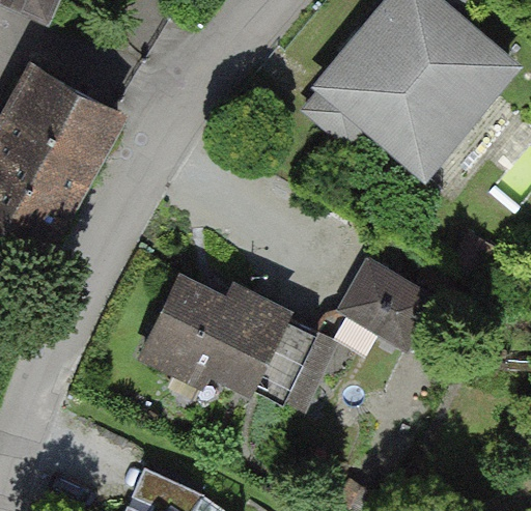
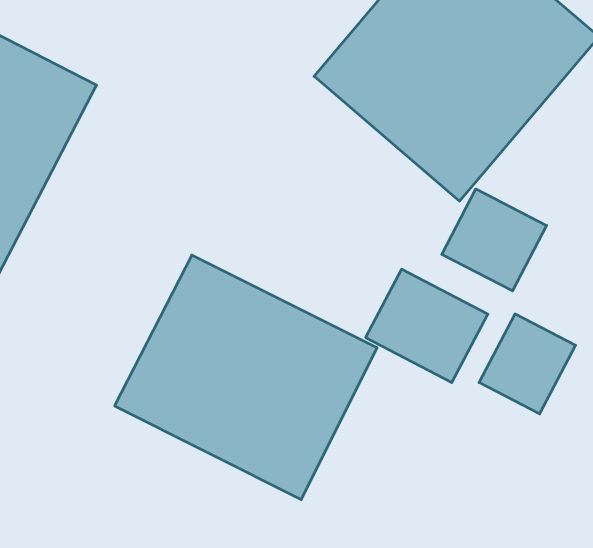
building: none -> [442,189,547,291]
building: none -> [479,314,576,414]

